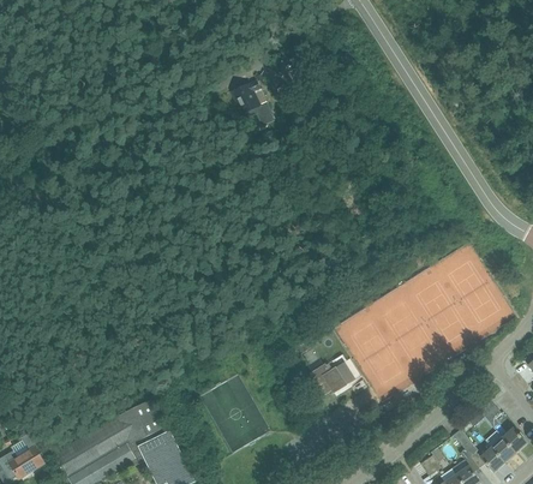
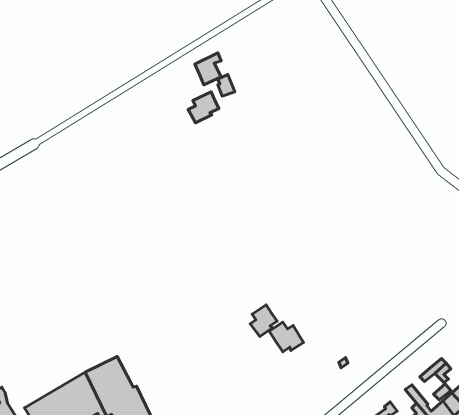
building: none -> [188,92,219,123]
building: none -> [250,305,277,336]

